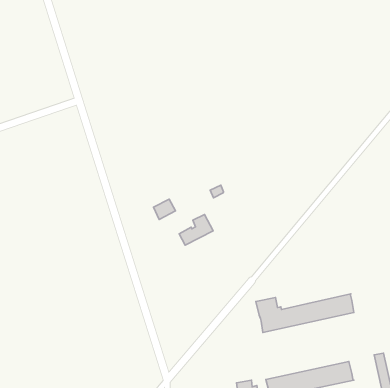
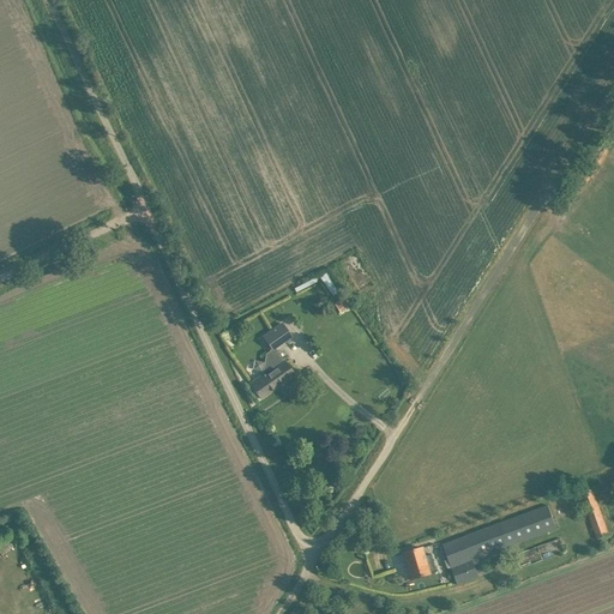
building: [179,214,213,245] -> [249,354,294,398]
building: [256,294,354,332] -> none

